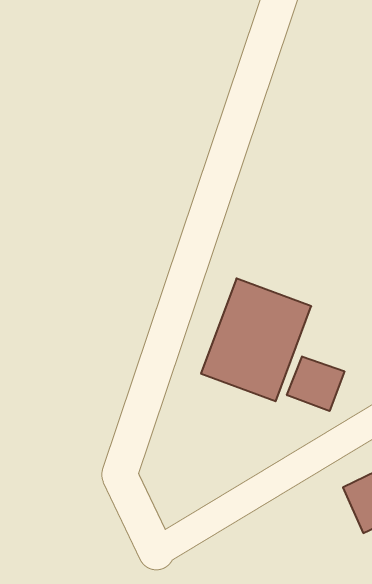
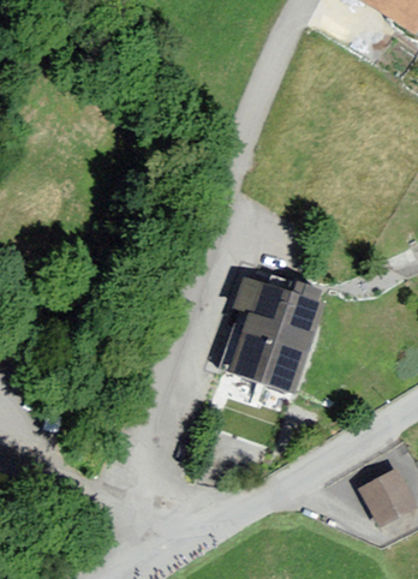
building: [287,356,344,411] -> none

